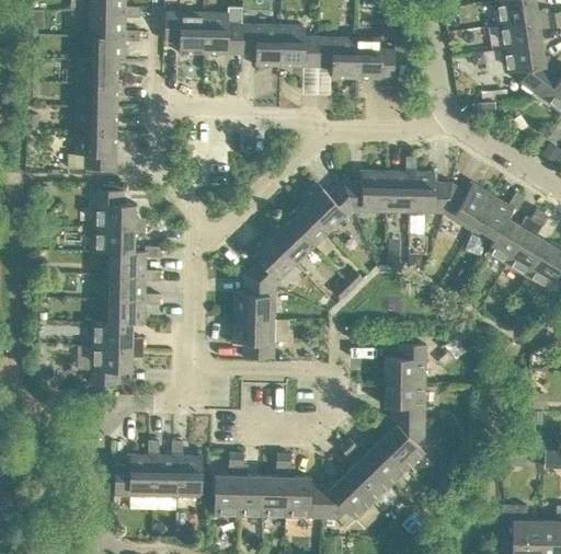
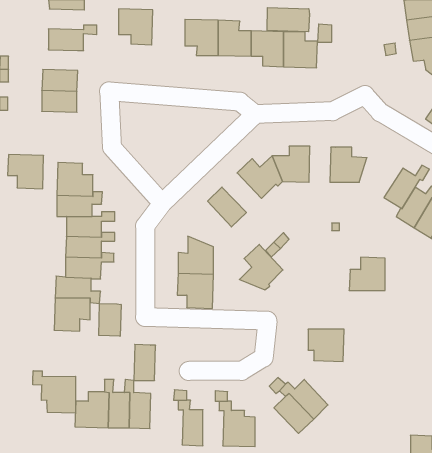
building: [84,7,140,36] -> none
building: none -> [267,8,309,32]
building: [204,13,242,55] -> none
building: [78,58,118,83] -> none
building: [76,130,117,170] -> [8,155,44,189]
building: [386,157,417,212] -> none
building: [444,183,494,230] -> none
building: [285,201,331,247] -> none
building: [245,234,296,287] -> [239,244,283,290]
building: [385,344,426,382] -> [349,257,385,290]
building: none -> [99,304,121,336]
building: [380,418,425,470] -> none
building: none -> [33,371,76,413]
building: [323,473,374,519] -> none
building: [215,474,240,516] -> [134,344,156,380]
building: [263,475,287,517] -> none

